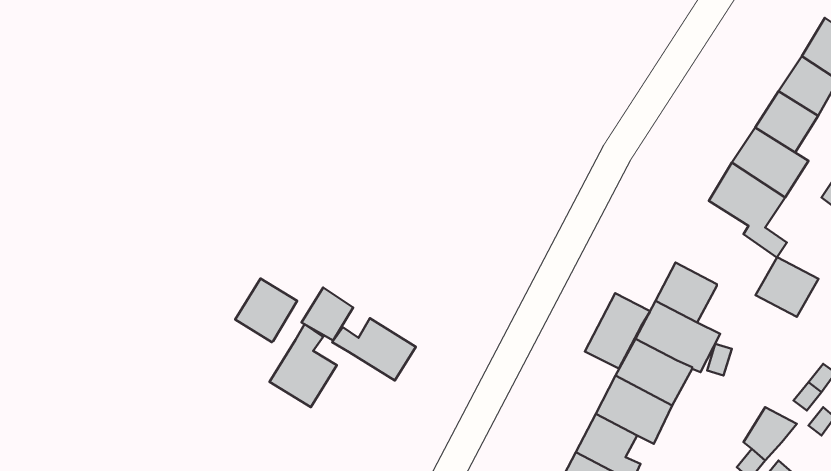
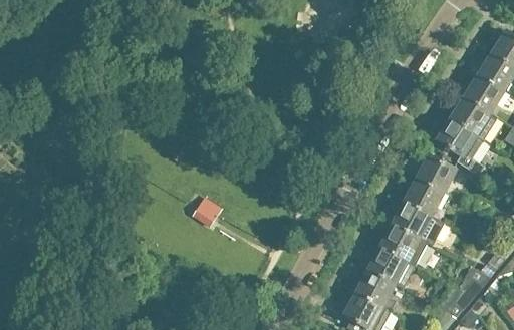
building: [755,257,819,317] -> [417,155,455,192]
building: [235,278,297,342] -> none
building: [585,293,650,368] -> none
building: [332,318,416,381] -> none
building: [270,324,337,407] -> none

